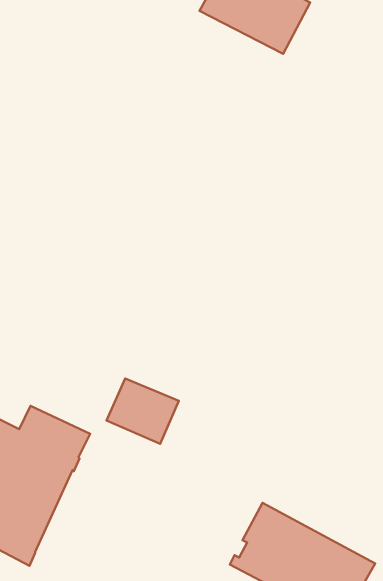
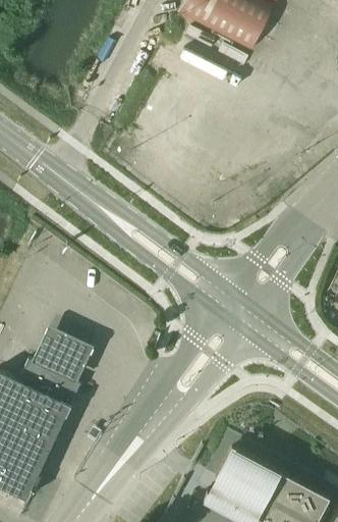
building: [107,379,179,444] -> [27,321,91,378]

